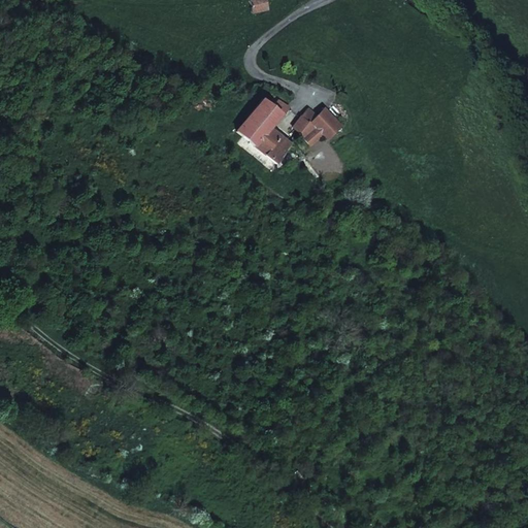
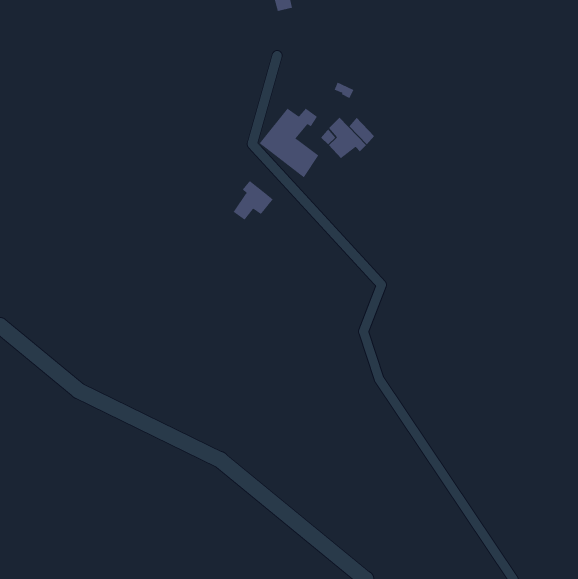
building: none -> [233,180,273,221]

